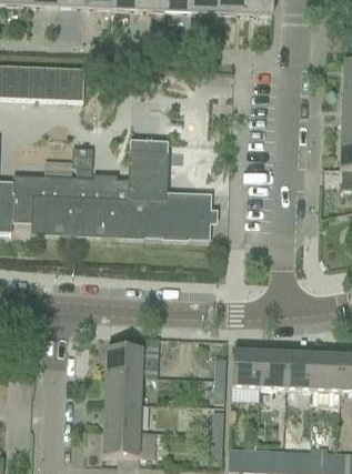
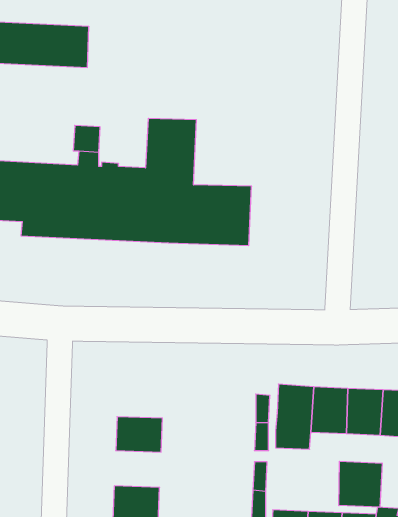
building: [107,335,161,376] -> none
building: [104,402,141,431] -> none
building: none -> [339,461,382,507]

